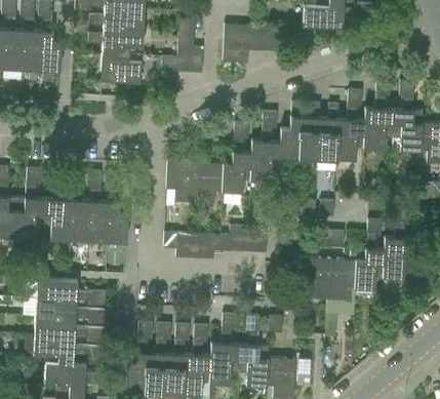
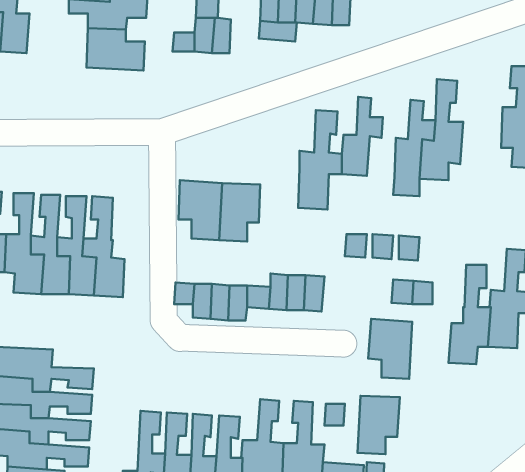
building: [363,80,393,151] -> none
building: [297,104,327,159] -> none
building: [222,123,250,192] -> none
building: [327,261,357,302] -> [358,396,400,454]

